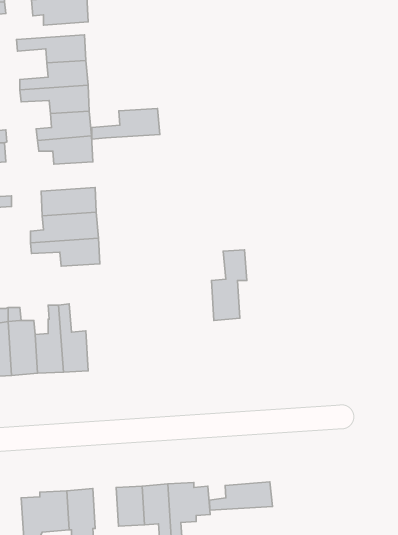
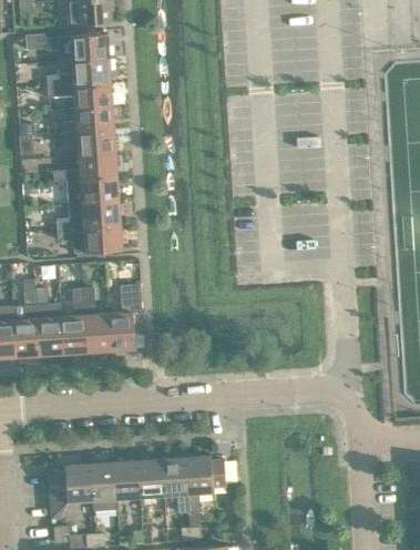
building: [92,109,160,139] -> [53,154,117,183]
building: [212,250,247,320] -> [109,285,142,352]
building: [210,482,272,510] -> none
building: none -> [115,461,140,500]

